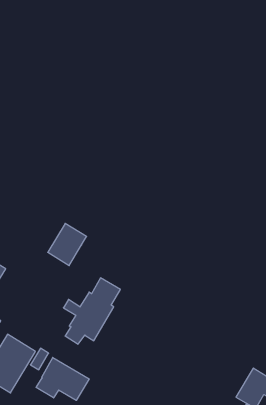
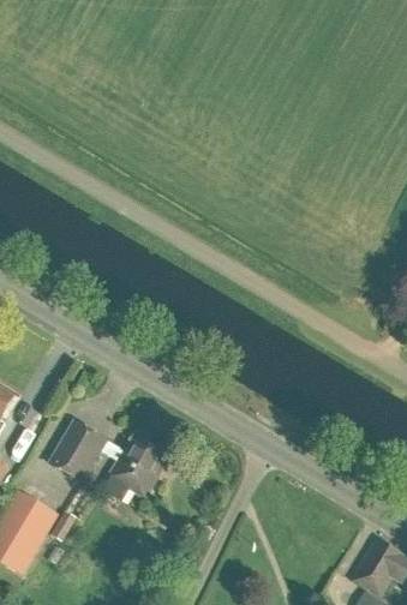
building: [48,223,87,266] -> [50,419,107,480]
building: [36,357,89,400] -> none

